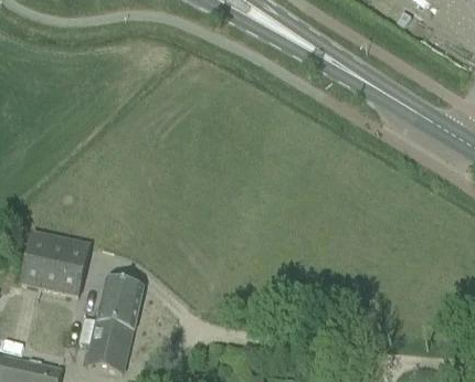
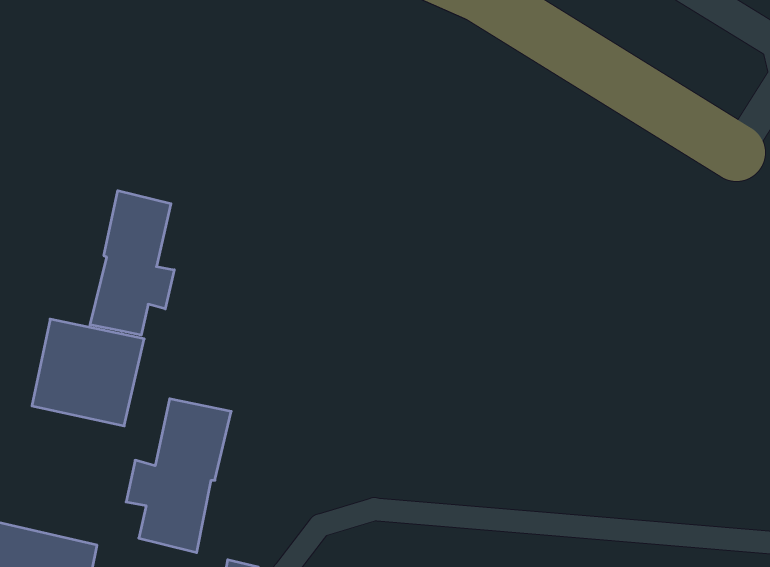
building: none -> [90,191,174,335]

